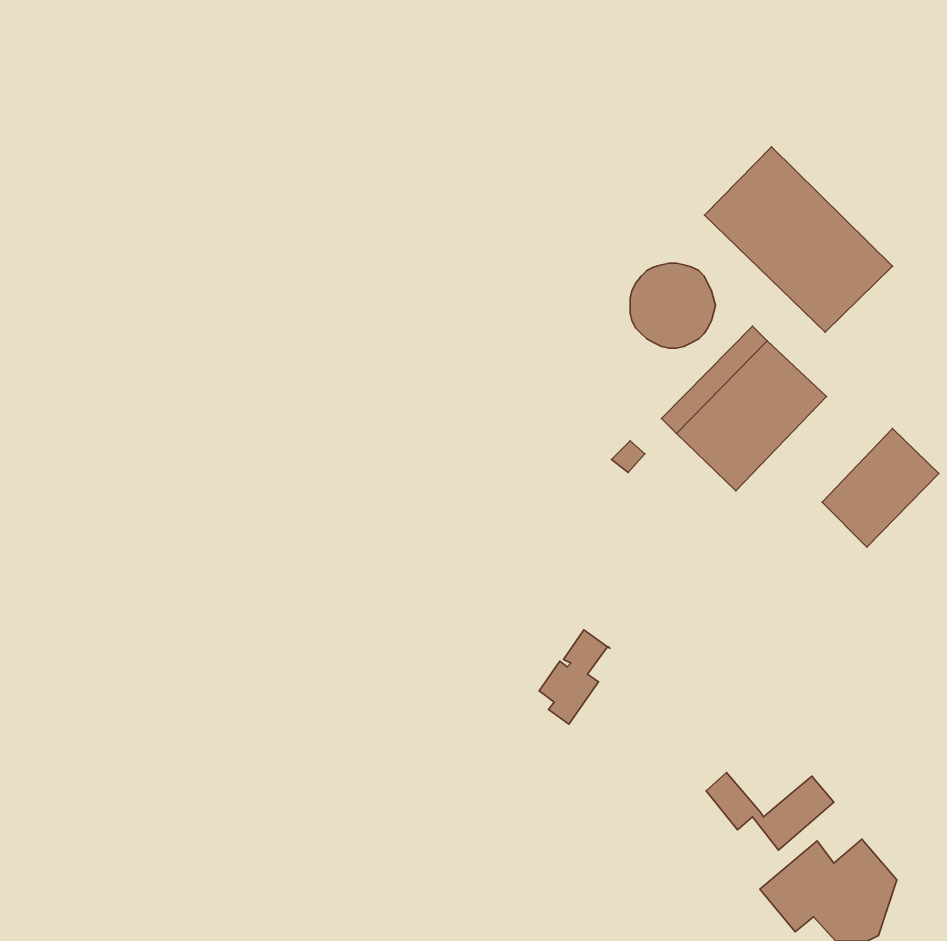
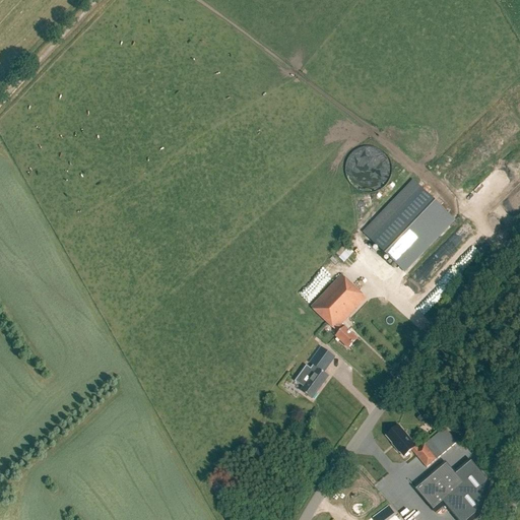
building: [704,147,892,332] -> none
building: [822,428,939,547] -> none
building: none -> [311,272,366,346]

